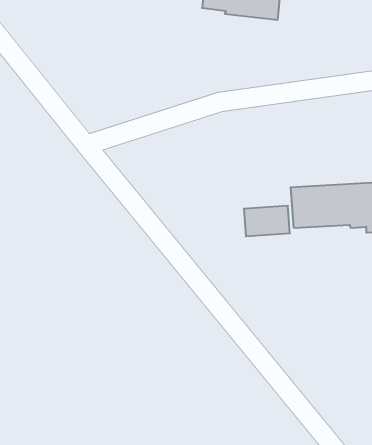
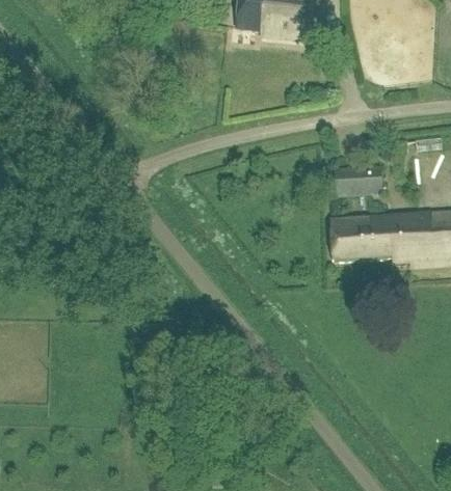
building: [244,206,290,236] -> [331,164,380,196]

